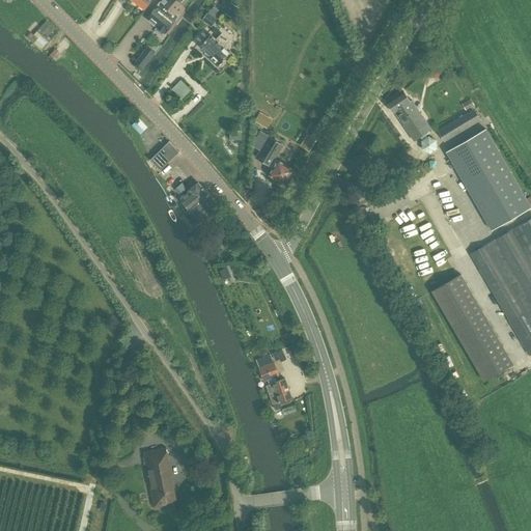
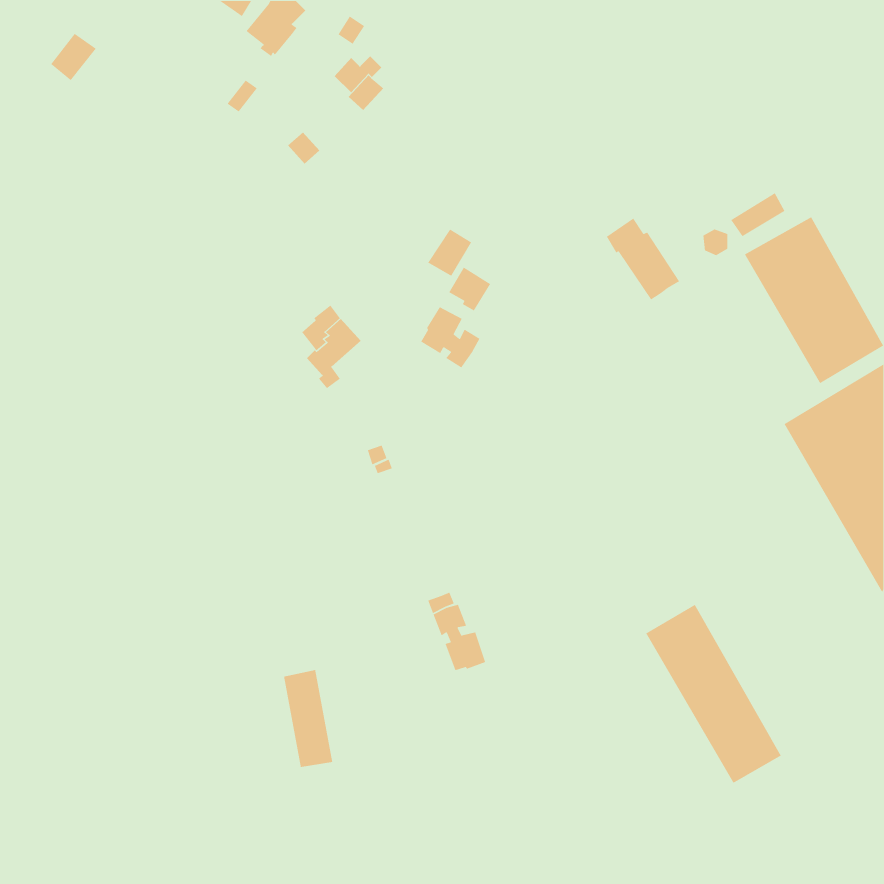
building: [387,91,431,141] -> [606,218,680,301]
building: [150,141,179,170] -> none
building: none -> [420,306,481,368]
building: [431,274,513,382] -> [645,604,782,784]
building: [143,448,173,507] -> [283,669,333,768]

